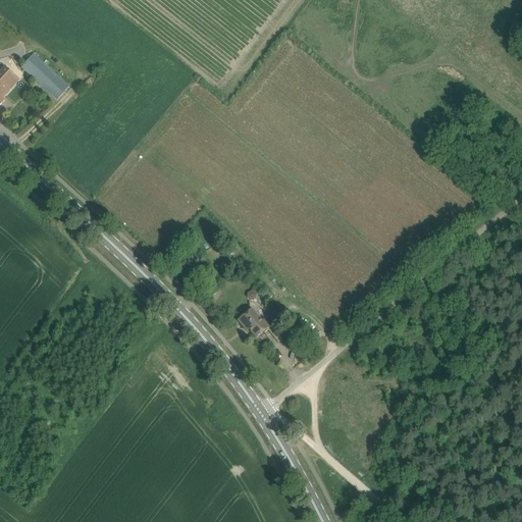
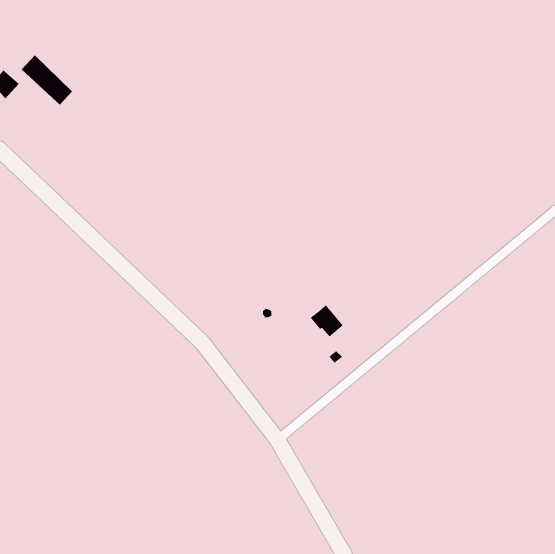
building: [237,306,268,336] -> [310,305,344,337]

